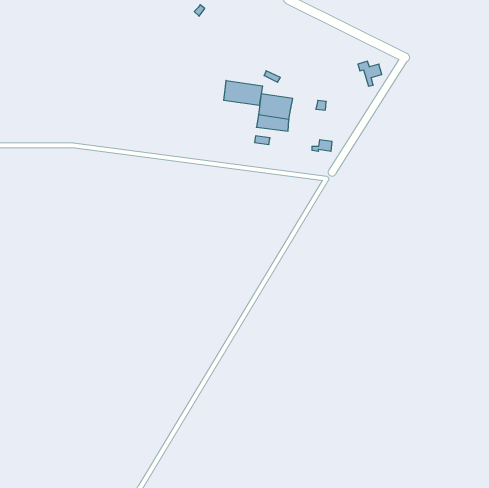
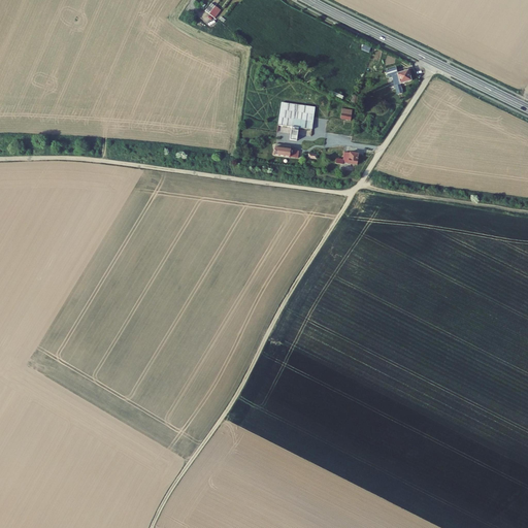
building: [224,80,263,106] -> none

